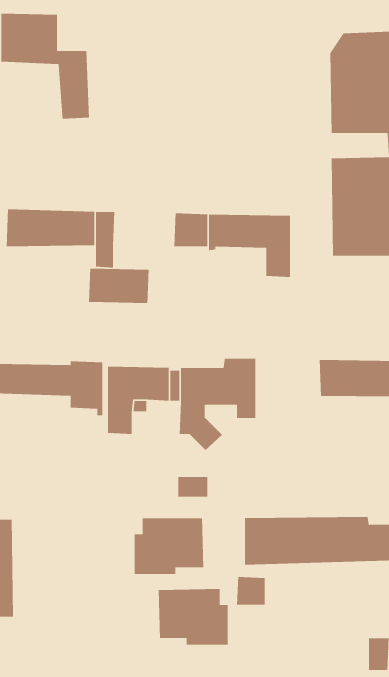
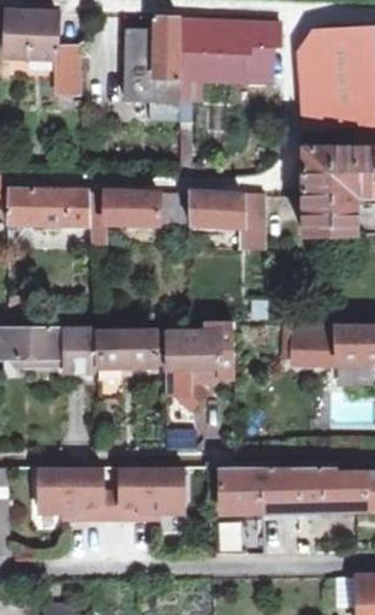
building: none -> [126,17,279,100]
building: [88,268,149,304] -> [105,191,160,224]
building: [158,588,228,645] -> [41,468,105,520]

